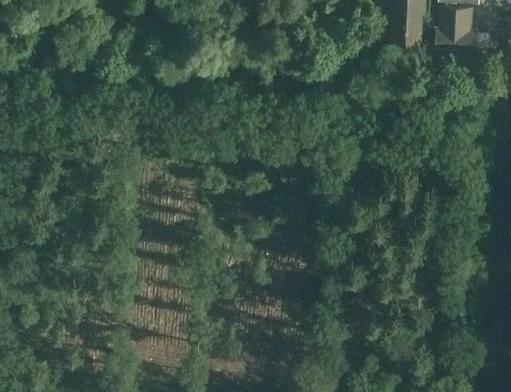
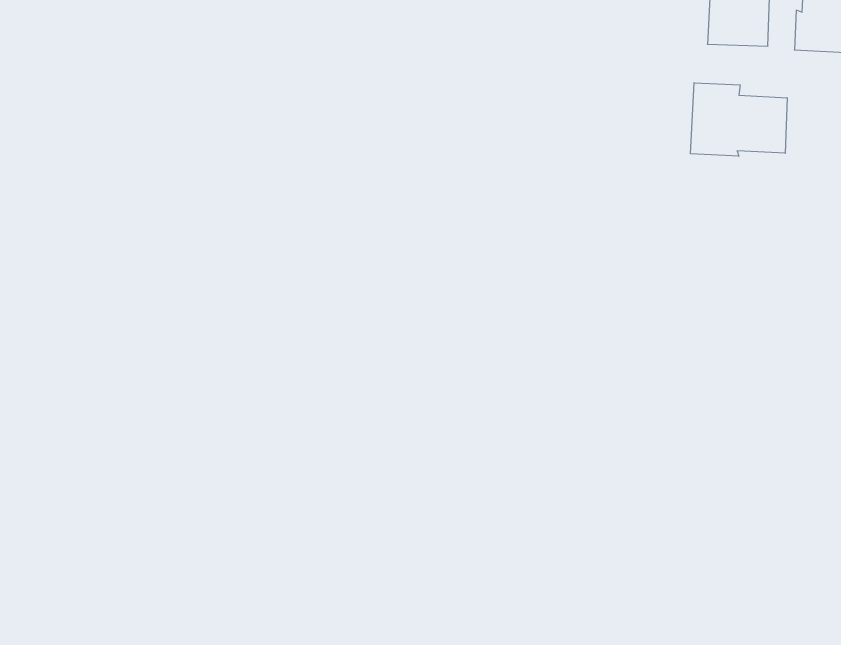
building: none -> [691,83,787,156]

